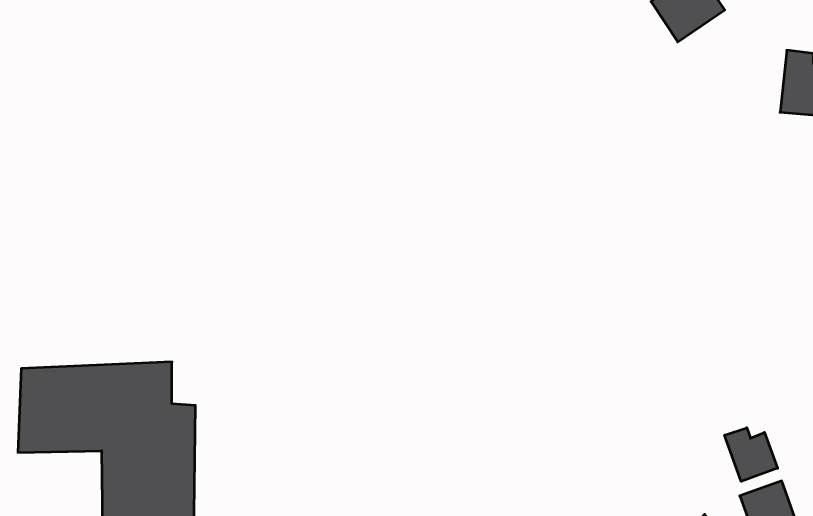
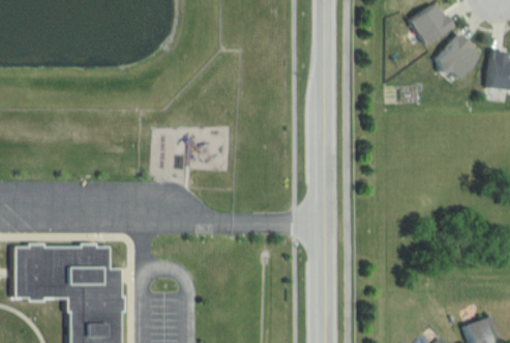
building: none -> [434,34,476,79]
building: [725,428,778,481] -> none

